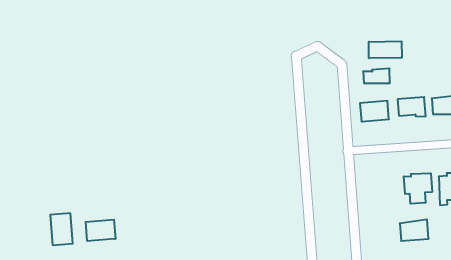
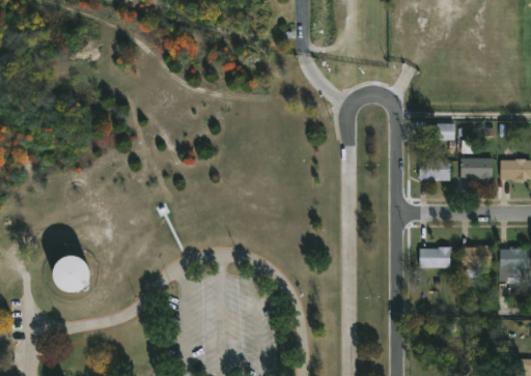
building: [369,41,402,58] -> none
building: [400,219,429,241] -> [420,245,451,267]
building: [86,220,115,241] -> none

